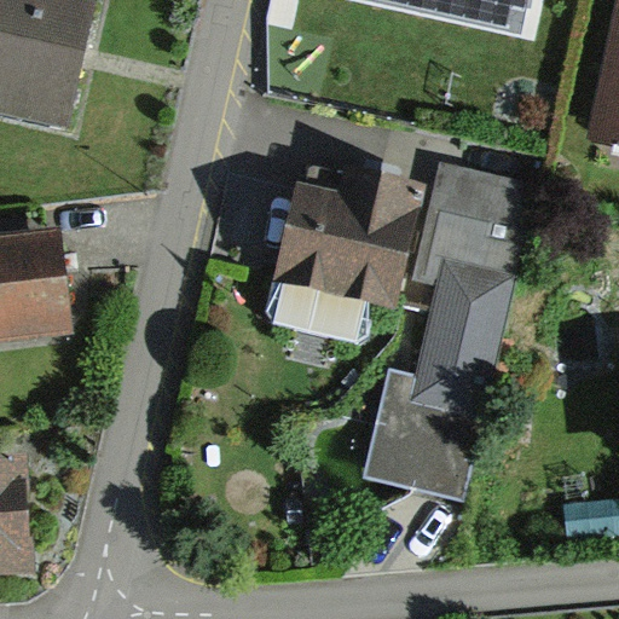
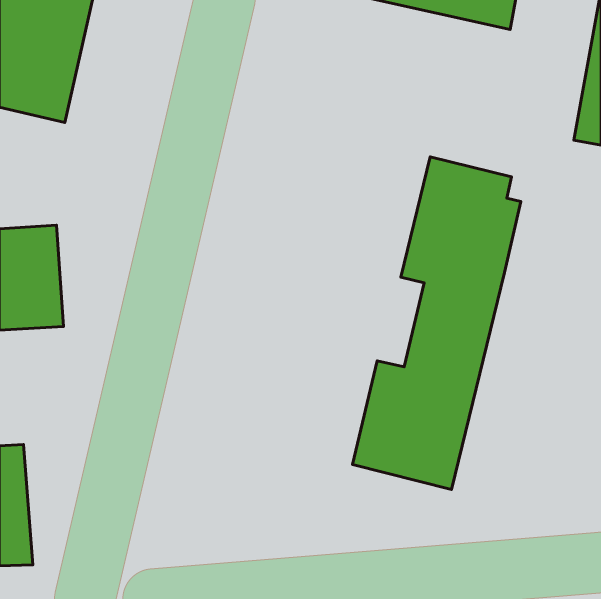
building: [266,168,421,343] -> none

